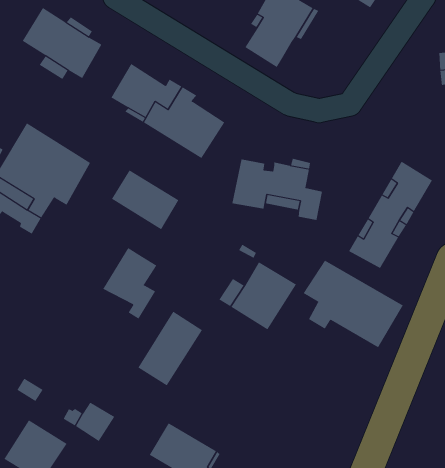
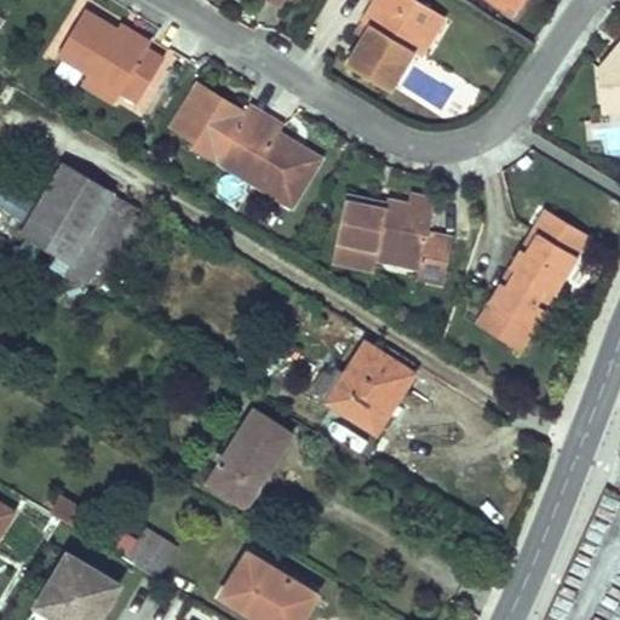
building: [111,170,179,230] -> none
building: [102,247,157,320] -> none
building: [303,260,404,348] -> none

